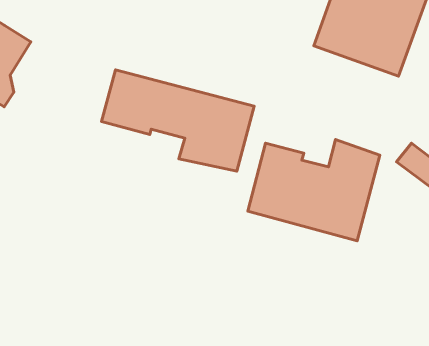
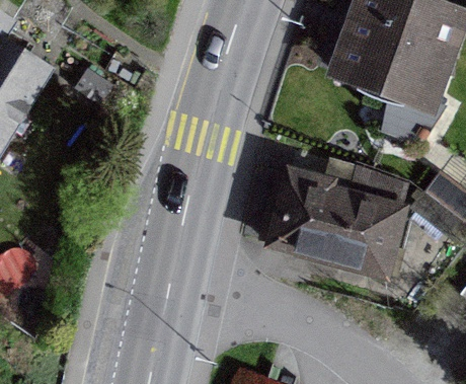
building: [102,70,254,171] -> none

